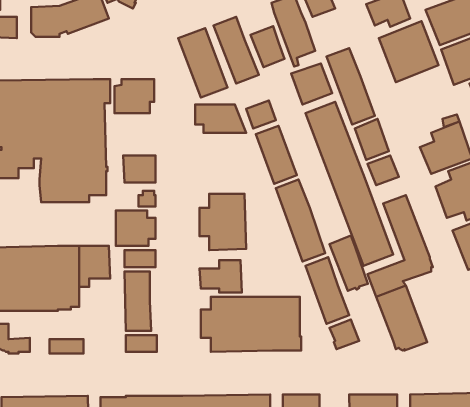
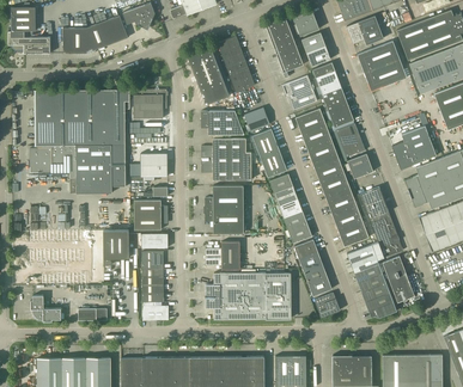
building: [251,26,285,67] -> [301,32,330,67]
building: none -> [201,139,251,180]
building: [330,236,368,291] -> [382,256,414,302]

